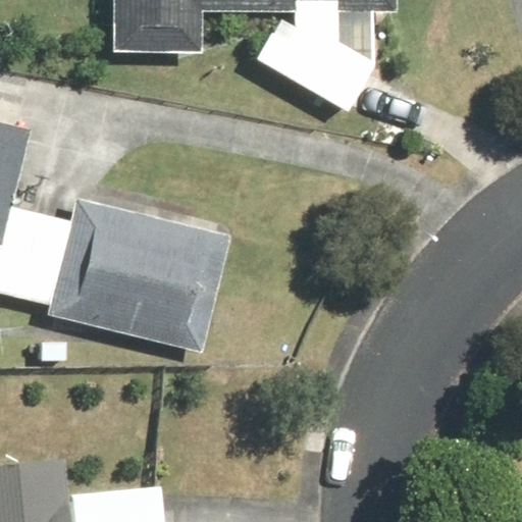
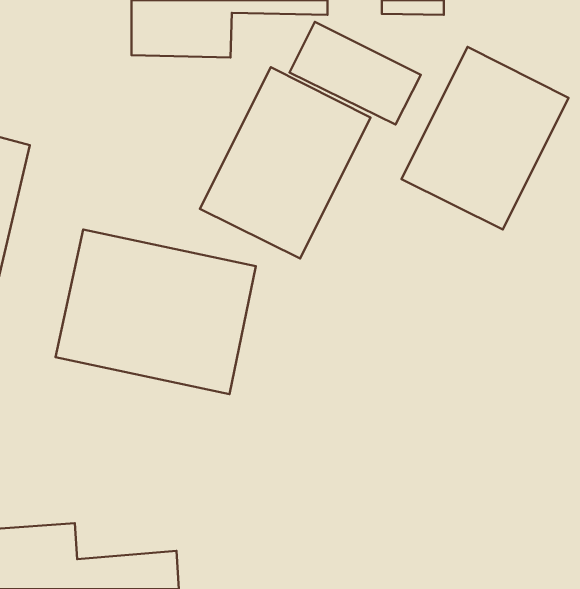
building: none -> [401,47,568,229]
building: none -> [200,67,370,258]

